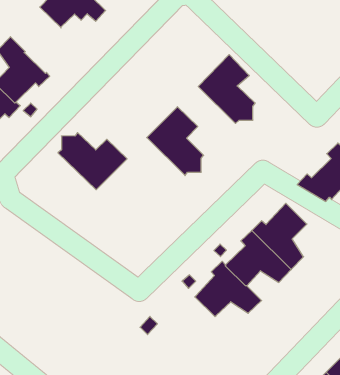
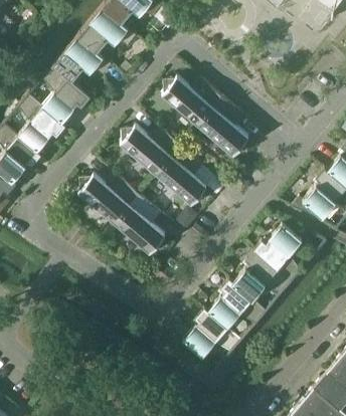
building: none -> [41,66,91,125]
building: none -> [161,77,222,127]
building: none -> [120,127,180,175]
building: none -> [114,195,165,254]
building: none -> [182,308,241,358]

